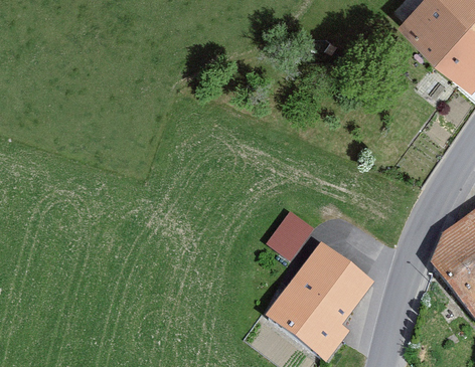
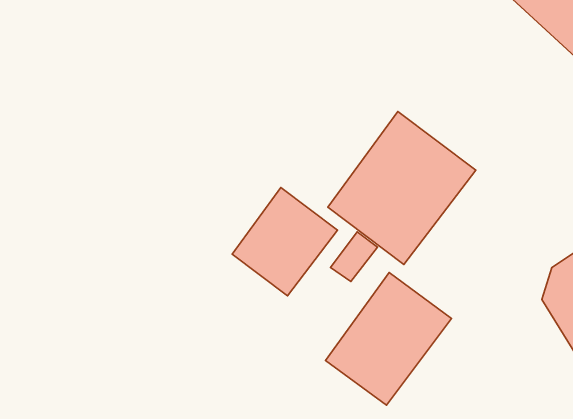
building: none -> [328,112,476,264]
building: none -> [232,188,338,296]

